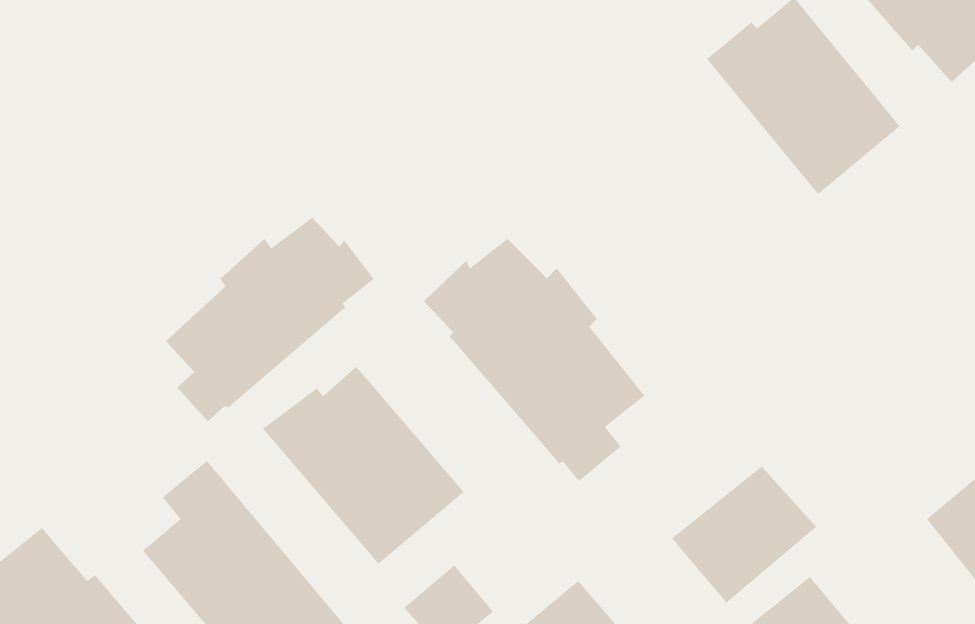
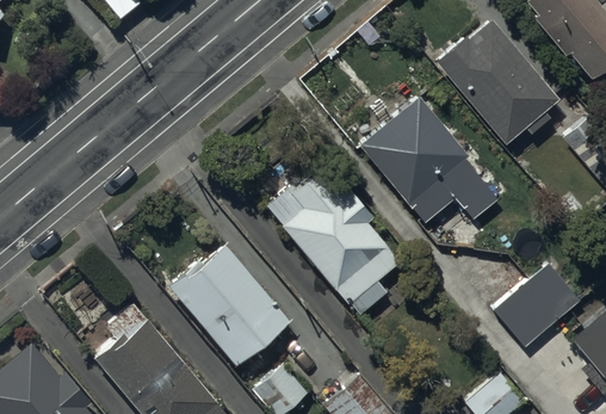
building: none -> [358,95,500,224]
building: [165,217,375,422] -> none
building: [671,466,817,604] -> [493,266,581,350]

